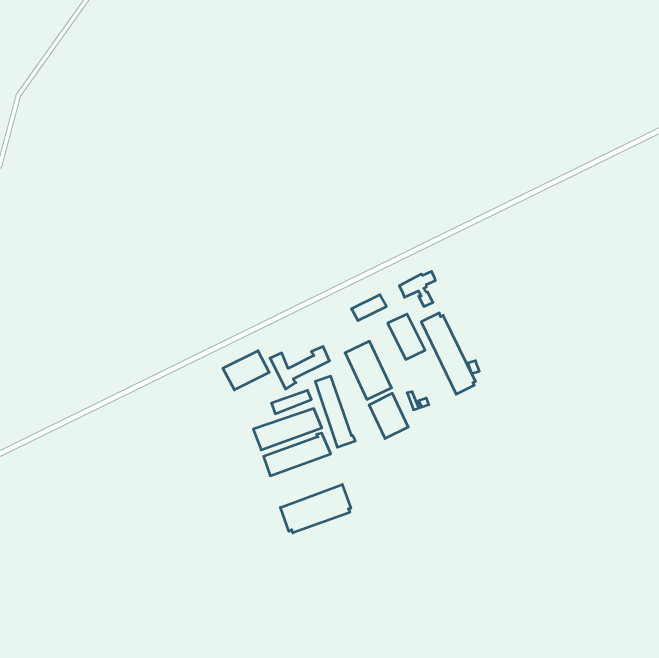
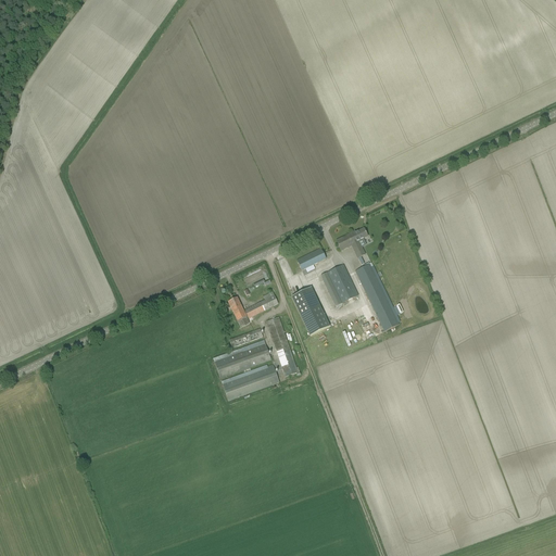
building: [223,351,269,390] -> none
building: [369,393,408,439] -> none
building: [280,484,351,533] -> none

